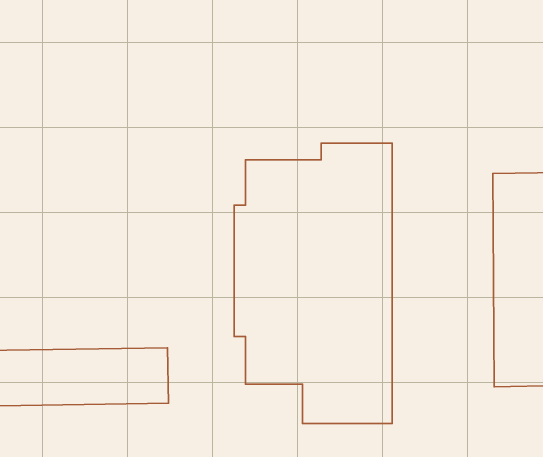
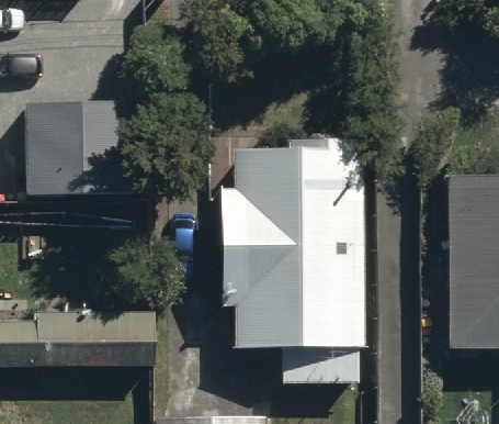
building: none -> [27,98,146,198]

